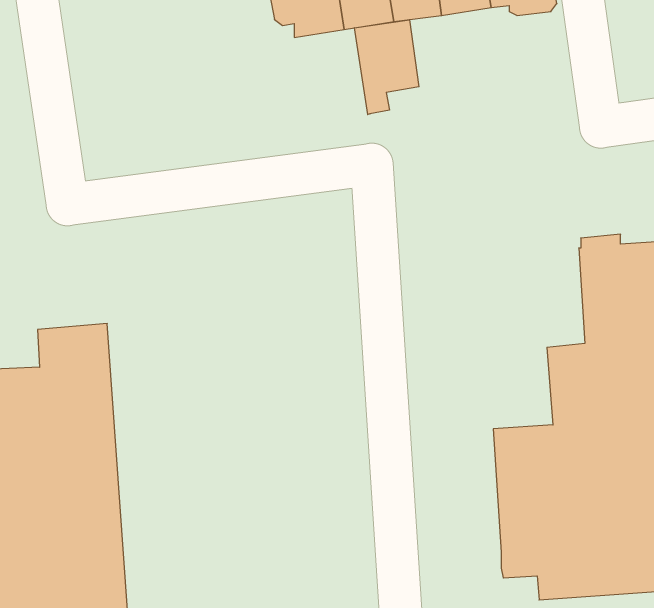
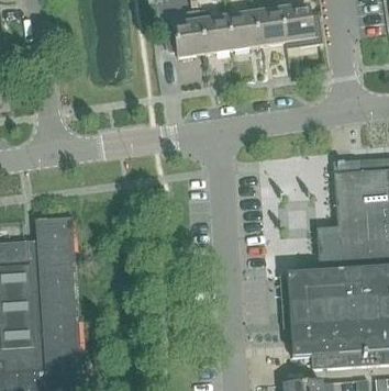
building: [354,20,419,115] -> none

